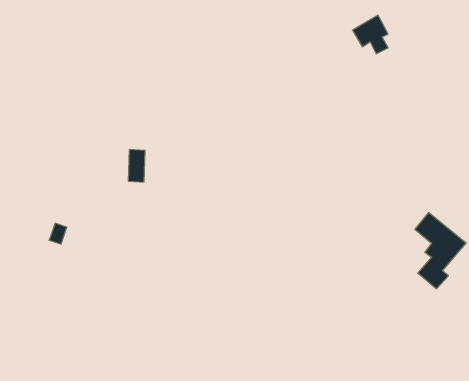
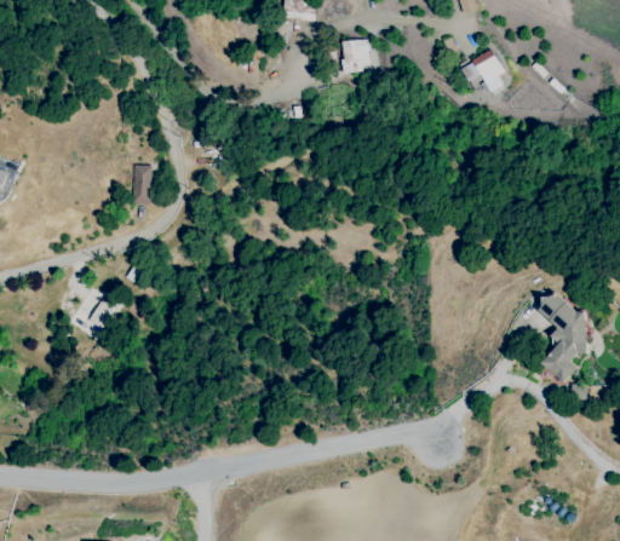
building: none -> [341,39,369,71]
building: [128,149,145,182] -> [132,163,153,203]

